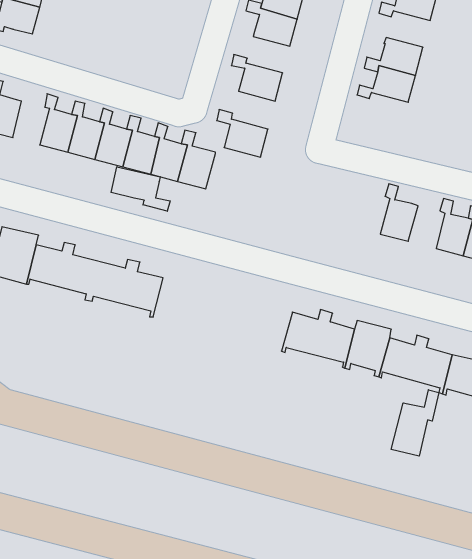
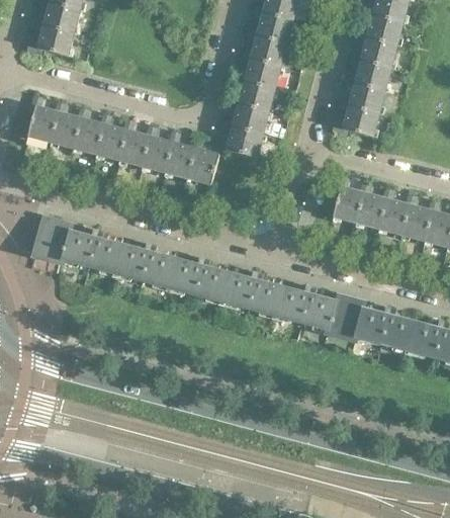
building: none -> [349,37,397,68]
building: none -> [239,52,281,89]
building: none -> [227,97,269,136]
building: none -> [52,100,82,149]
building: none -> [331,105,379,138]
building: [111,167,170,211] -> none
building: none -> [333,175,364,223]
building: none -> [379,187,410,235]
building: none -> [168,258,283,320]
building: [391,390,439,456] -> none

